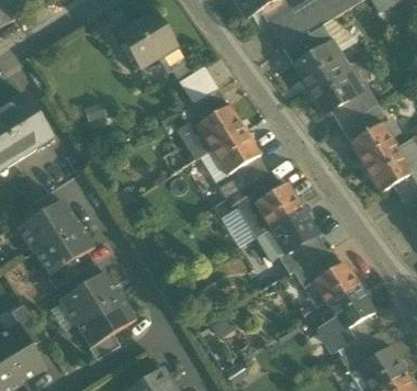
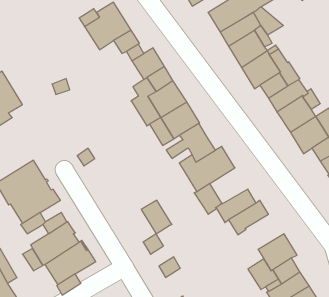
building: [219,208,256,247] -> [141,200,172,234]
building: [271,208,316,250] -> none
building: [313,260,359,304] -> none

